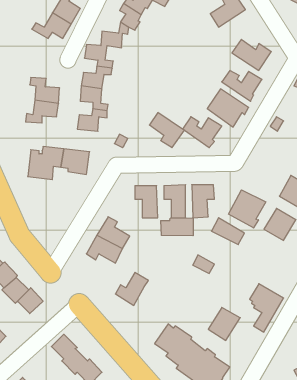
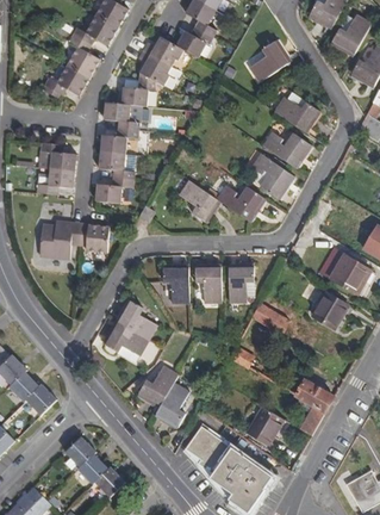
building: [229,190,266,228] -> none
building: [161,218,193,236] -> none
building: none -> [156,383,188,424]

